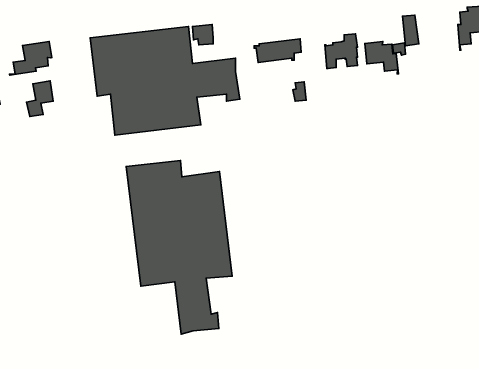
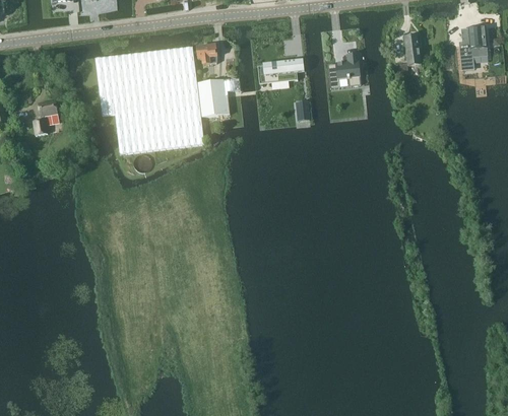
building: [10,41,52,75] -> none
building: [365,41,398,74] -> none
building: [126,160,232,334] -> none

